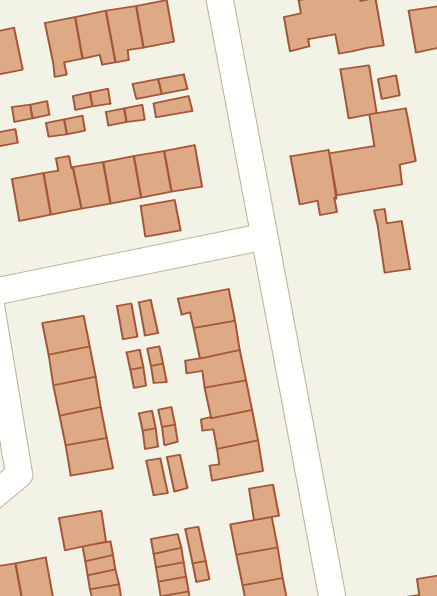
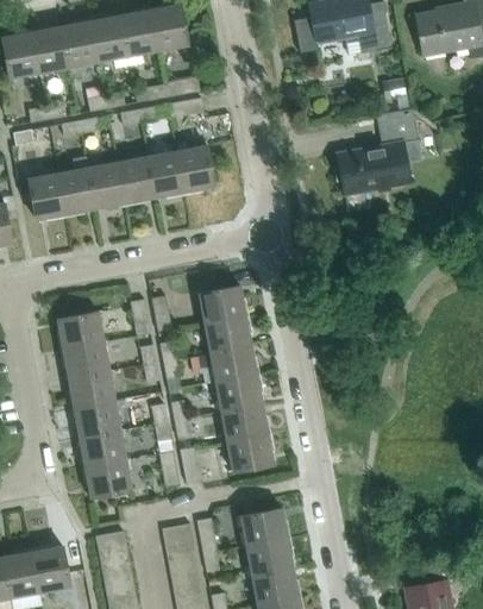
building: none -> [31,26,69,71]
building: [340,65,377,118] -> none
building: [290,150,337,215] -> none
building: [141,200,180,237] -> none
building: [374,209,410,273] -> none
building: [249,485,279,520] -> none
building: [59,511,106,550] -> [86,460,132,498]

